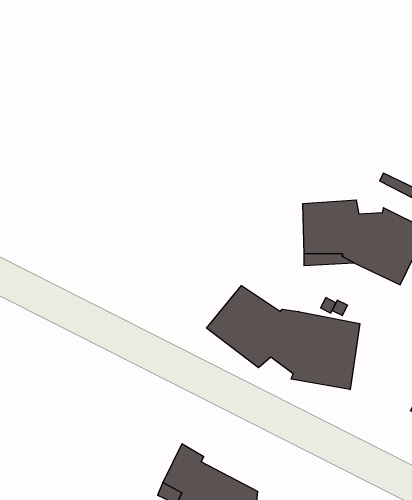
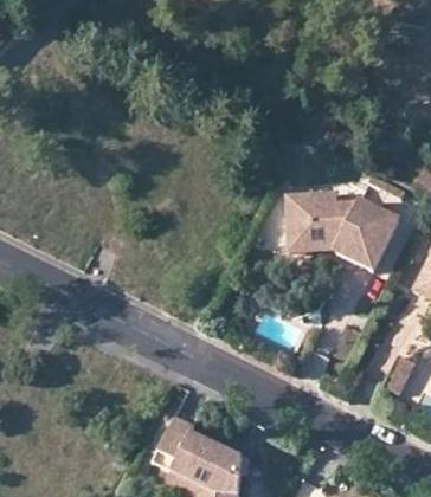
building: [207,286,360,390] -> none

